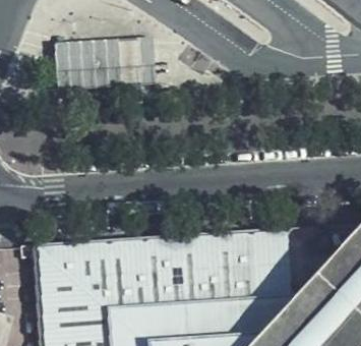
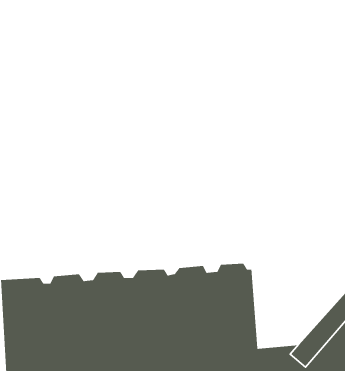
building: [56,39,159,94] -> none
building: [250,229,290,304] -> none

